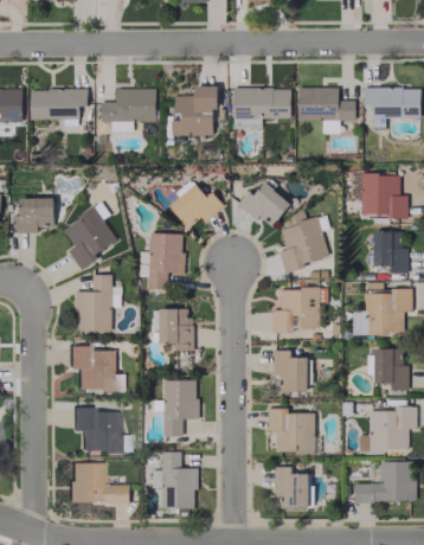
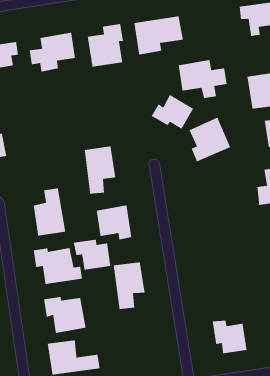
building: [298,86,355,134] -> [178,59,228,99]
building: [171,184,224,227] -> none
building: [63,203,118,268] -> none
building: [272,288,327,331] -> none
building: none -> [73,239,111,271]
building: [274,350,311,392] -> none
building: [268,408,320,453] -> none
building: [152,451,199,508] -> none

